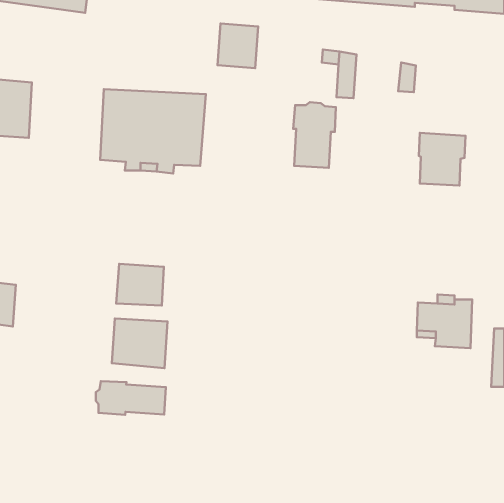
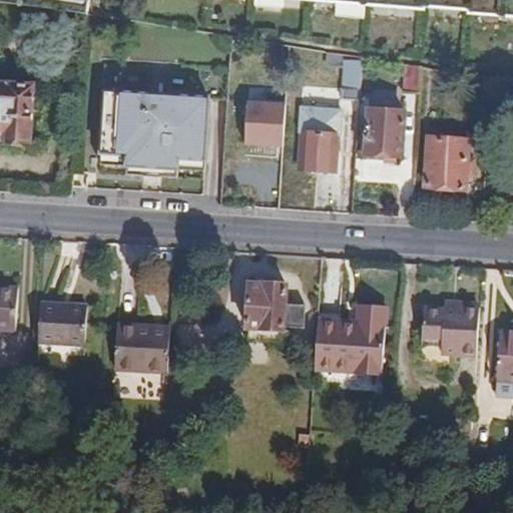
building: [217,23,258,68] -> [243,99,285,144]
building: none -> [365,107,402,153]
building: [116,264,164,305] -> [36,302,84,344]
building: none -> [248,282,308,329]
building: none -> [317,307,385,373]
building: [96,381,166,415] -> none

